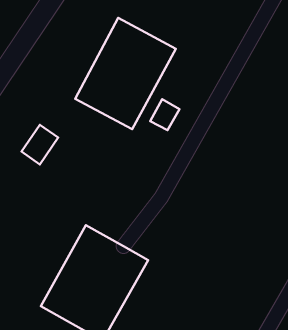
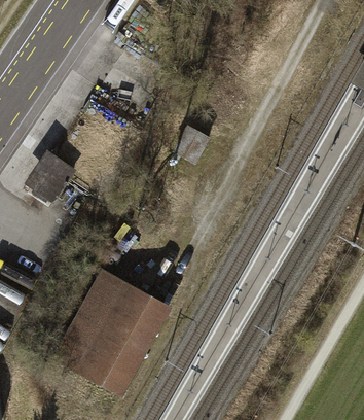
building: [75,18,176,129] -> none

